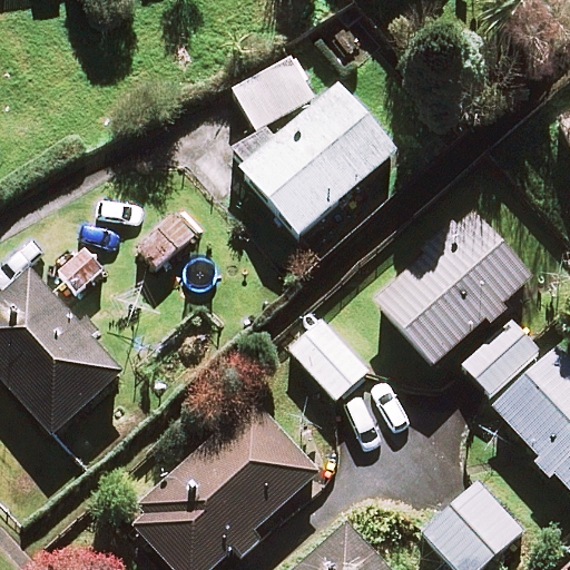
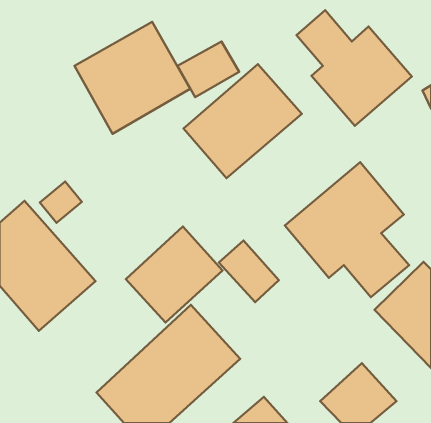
building: none -> [296,10,412,126]
building: none -> [75,22,190,134]
building: none -> [126,226,222,323]

